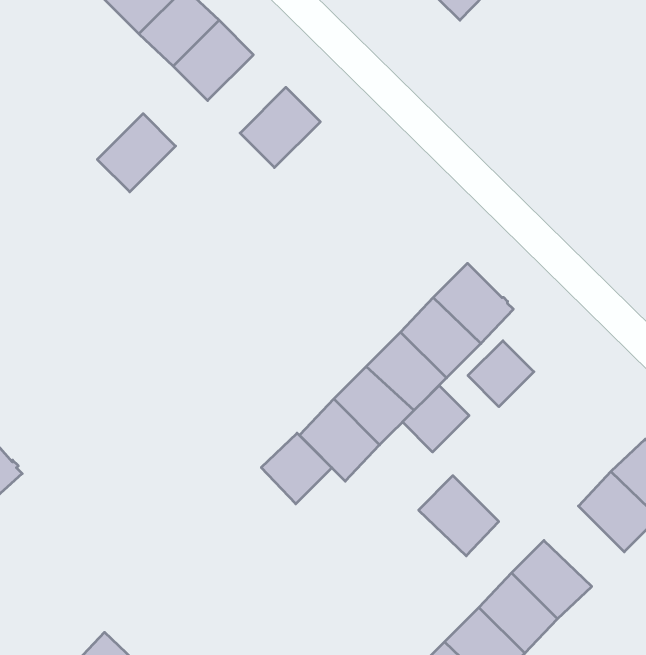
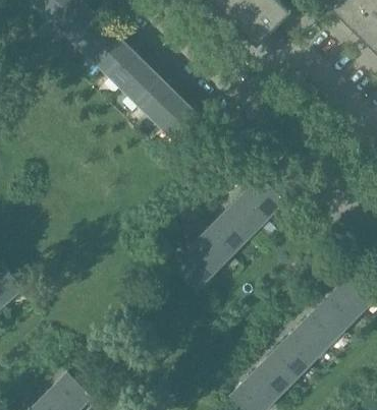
building: [97,114,176,192] -> [121,64,163,106]
building: none -> [157,100,200,141]
building: [468,341,534,407] -> none
building: [402,385,469,452] -> none
building: [261,433,332,504] -> none
building: [419,476,499,556] -> [301,304,343,347]

